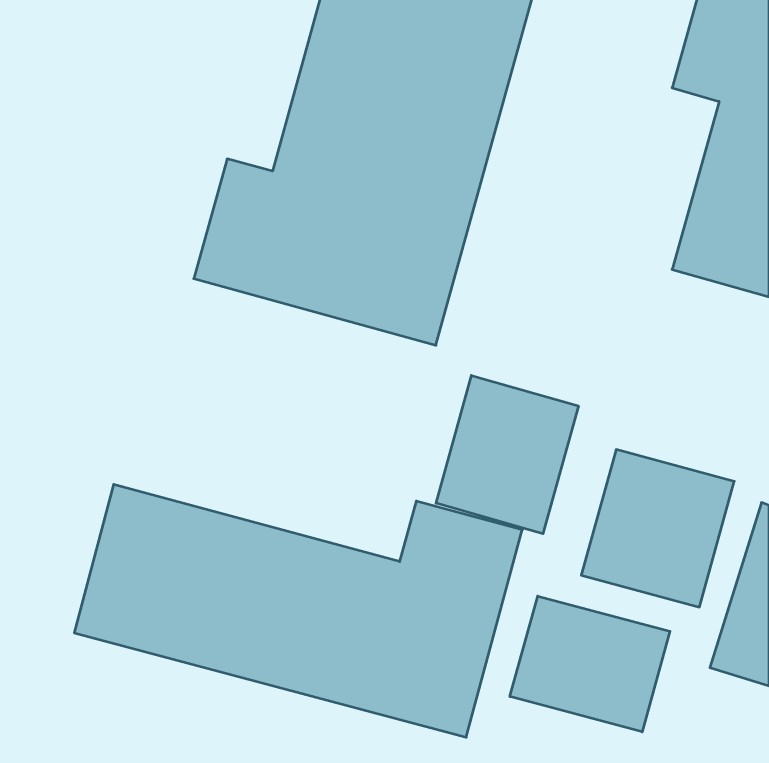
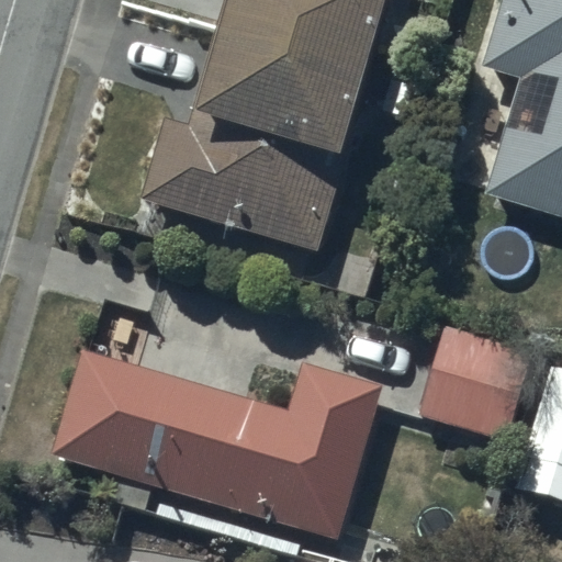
building: [436,375,578,534] -> none
building: [510,596,670,732] -> none

